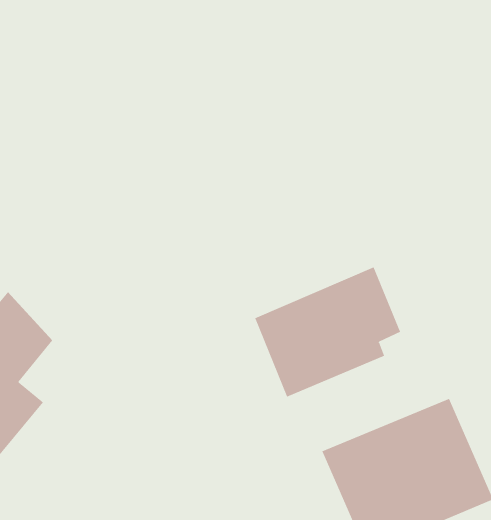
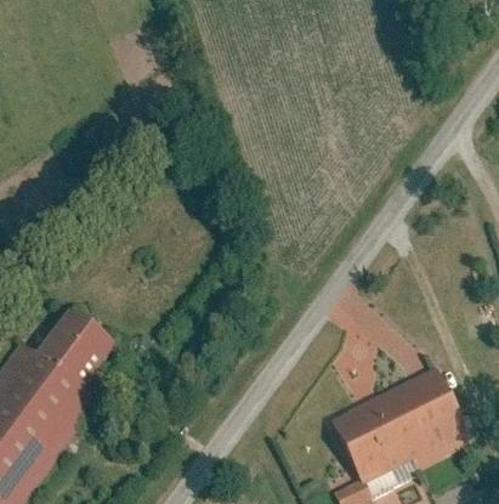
building: [255,266,401,397] -> none

